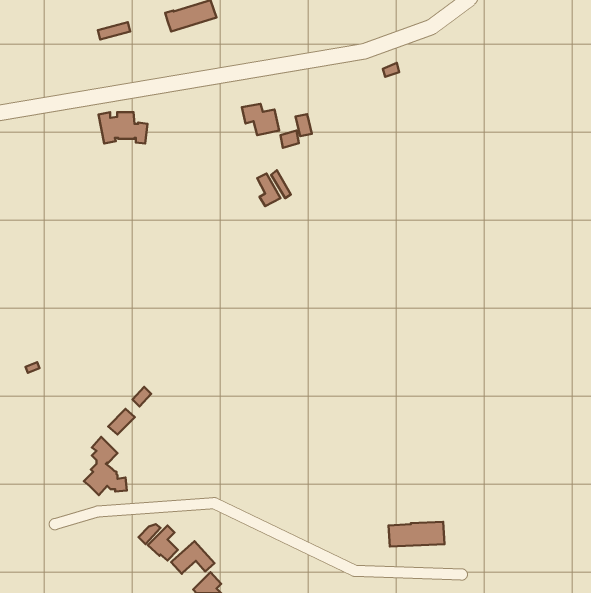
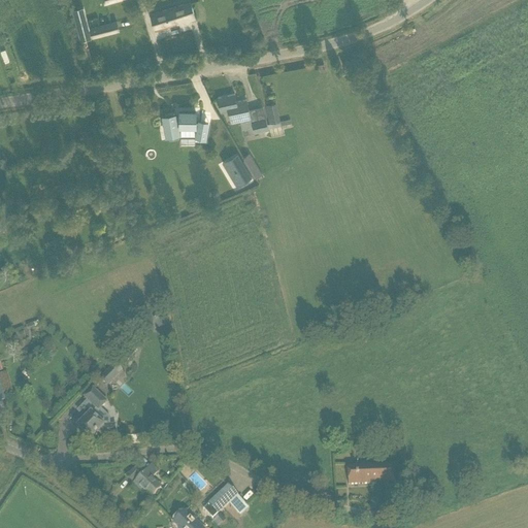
building: [99,112,147,144] -> [163,111,206,139]
building: [171,541,214,574] -> [204,485,242,514]

